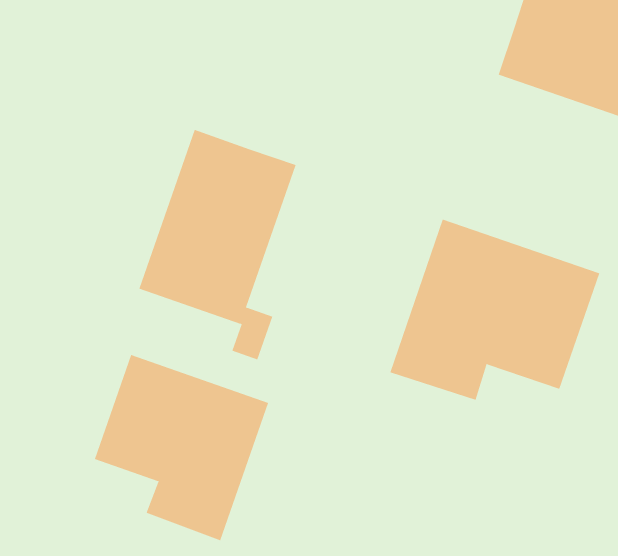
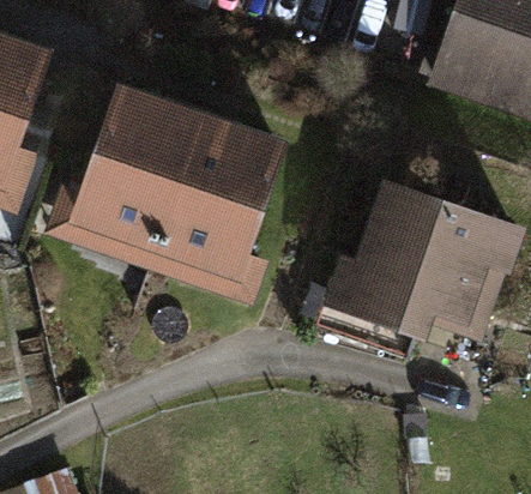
building: none -> [56,96,198,246]
building: [94,354,269,541] -> none

